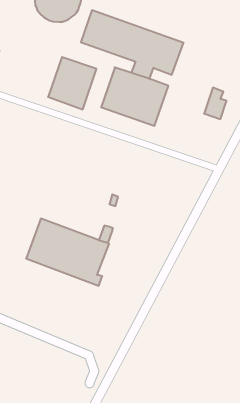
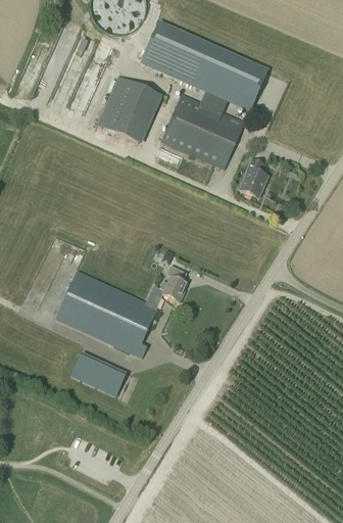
building: [204,88,227,119] -> [240,158,268,197]
building: none -> [160,265,187,301]
building: none -> [65,348,132,400]

